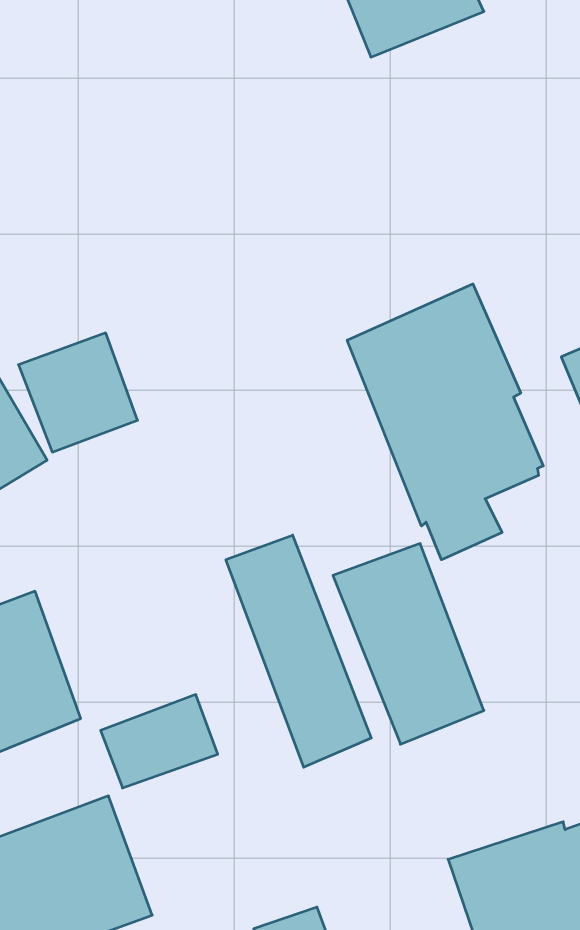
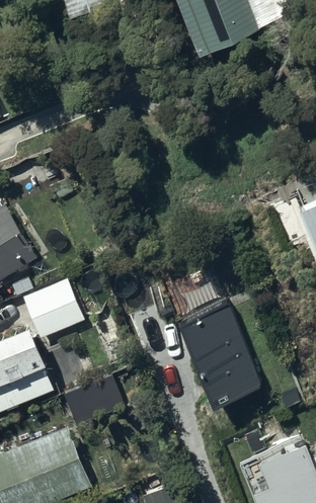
building: [347,284,543,560] -> none
building: [18,333,138,452] -> [23,279,84,340]
building: [226,535,371,767] -> none

